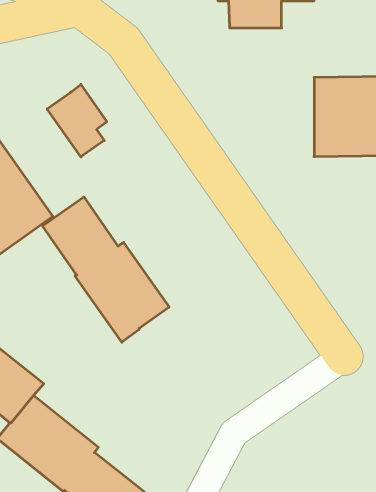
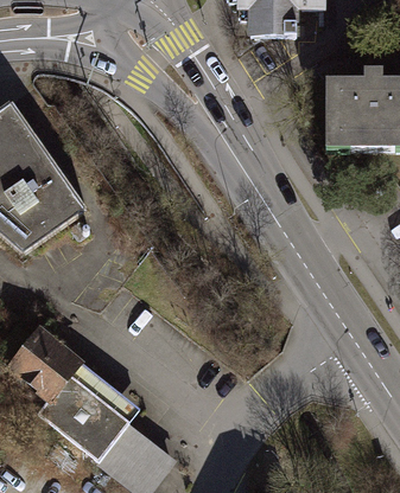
building: [47,84,107,157] -> none
building: [42,197,169,342] -> none

